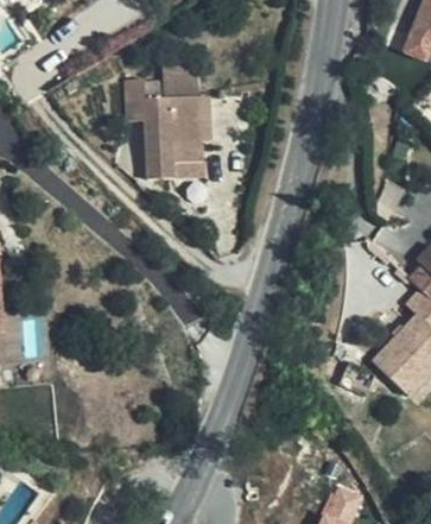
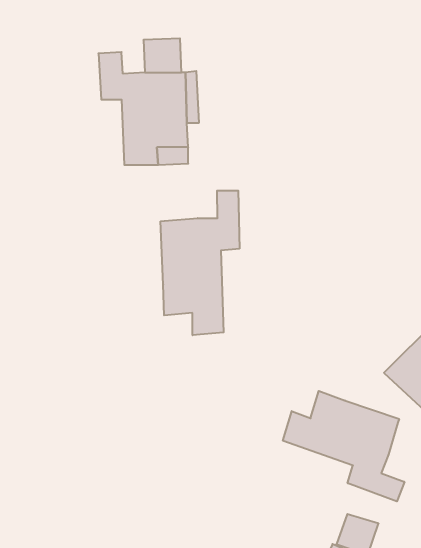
building: none -> [161,191,239,335]
building: none -> [283,391,404,501]

